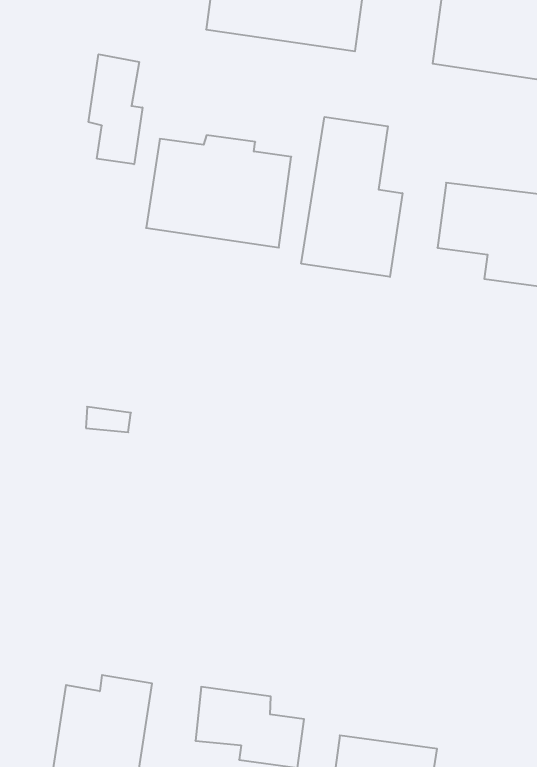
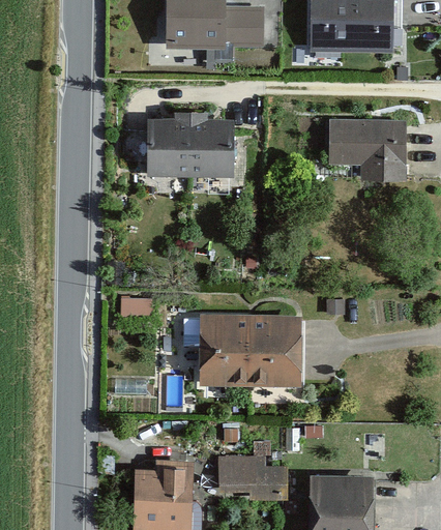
building: [89,54,142,164] -> none
building: [301,117,402,277] -> none
building: none -> [201,316,300,385]

